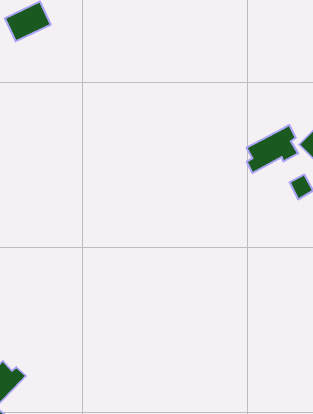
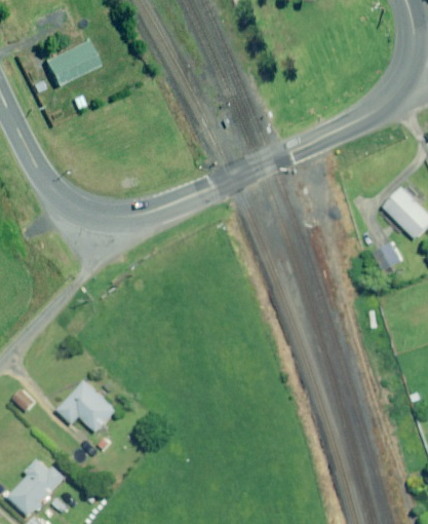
building: [247,125,298,173] -> none
building: none -> [60,382,117,433]

